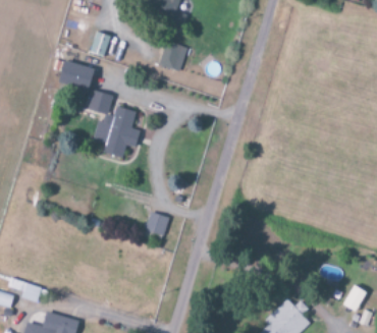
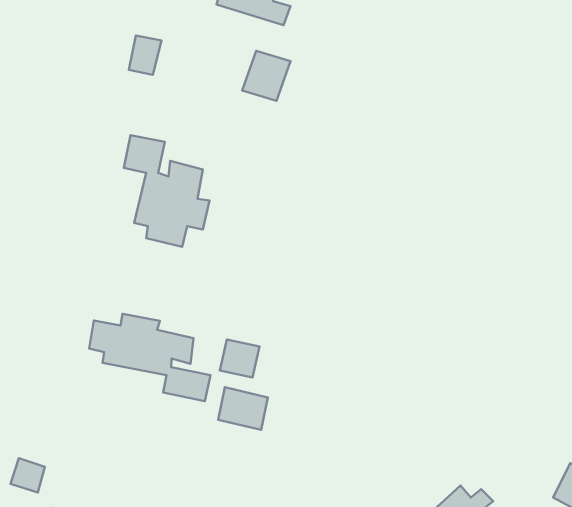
building: [57,60,94,91] -> none
building: none -> [89,314,211,401]
building: none -> [218,387,268,430]

